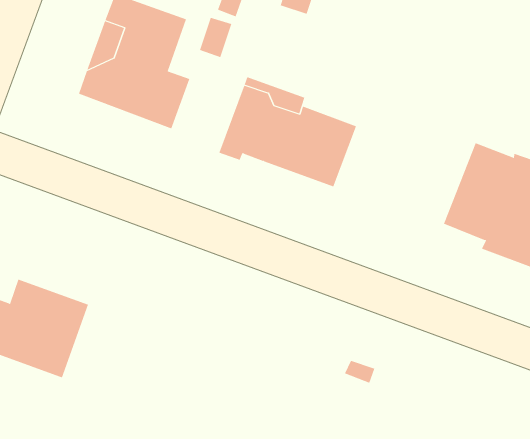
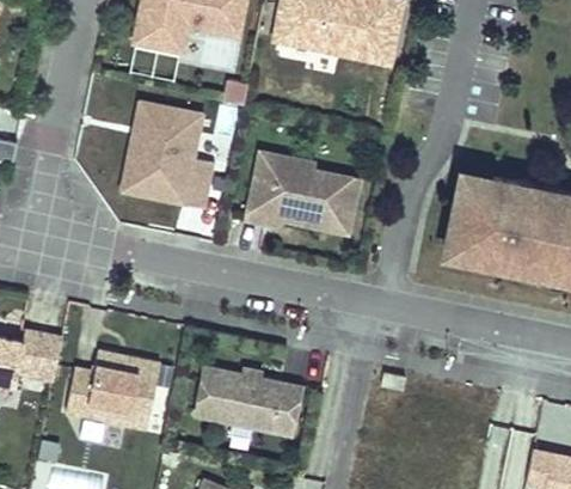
building: none -> [196,367,300,433]

